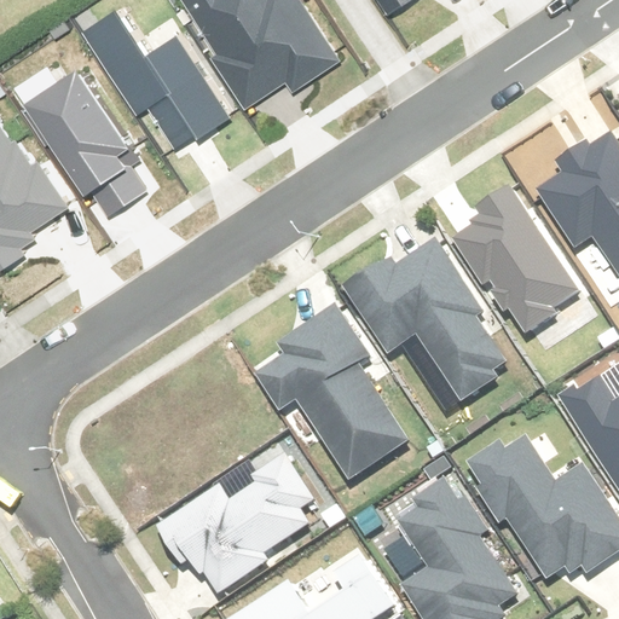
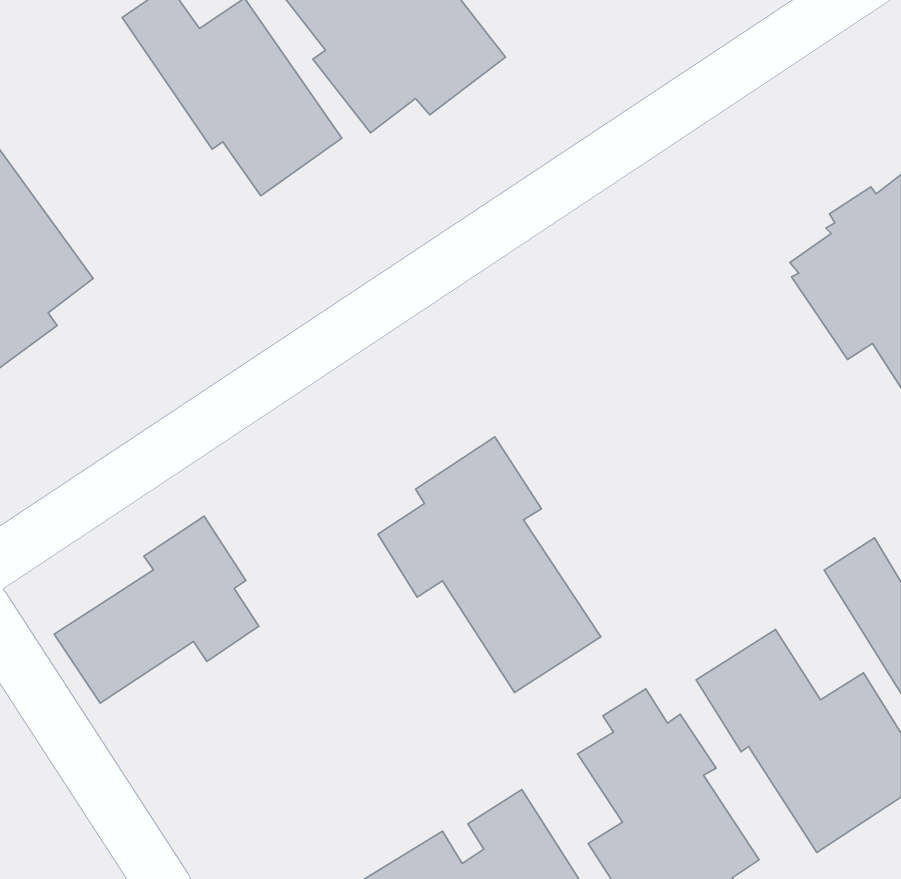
building: [33,65,139,186] -> none
building: [450,192,567,330] -> none
building: [347,244,509,406] -> none
building: none -> [54,516,259,703]
building: [154,450,314,594] -> none

